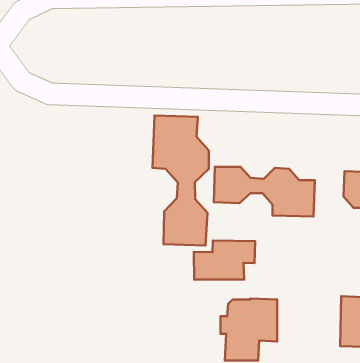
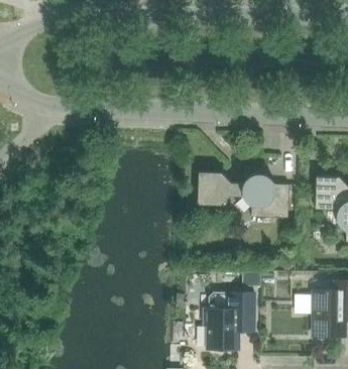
building: [152,115,209,246] -> none
building: [194,241,255,280] -> none

